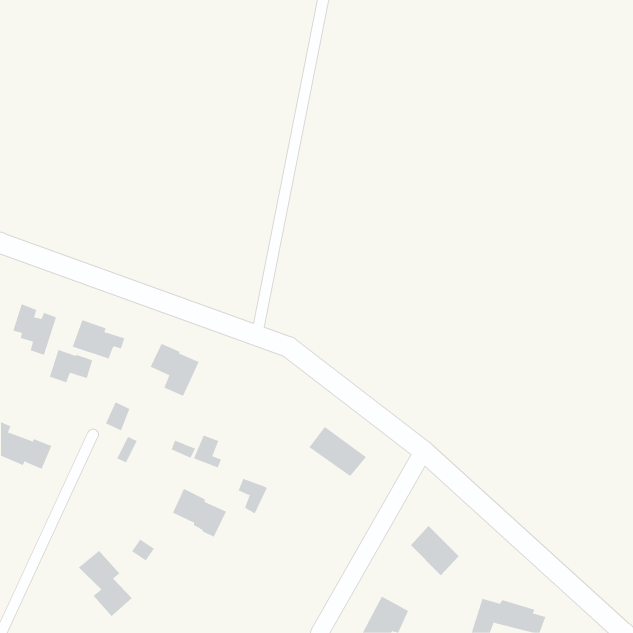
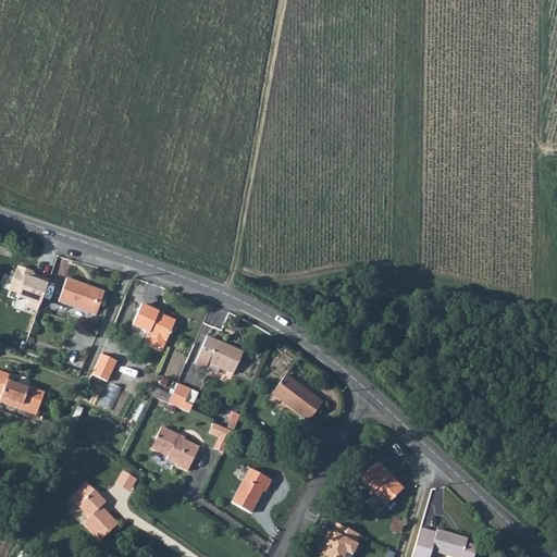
building: [49,349,93,383] -> none
building: none -> [196,336,244,373]
building: none -> [230,472,269,517]

